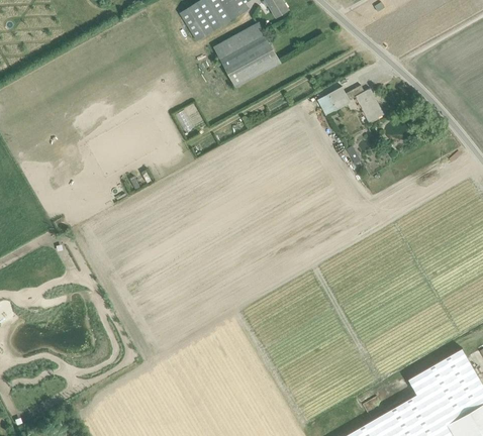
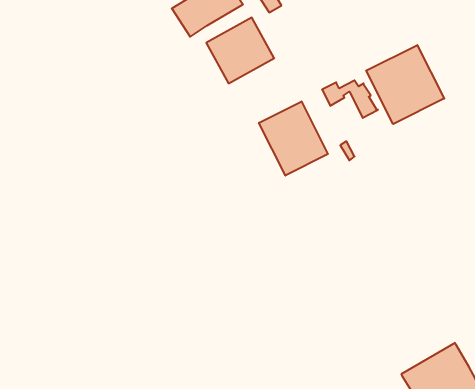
building: none -> [366,45,444,124]
building: none -> [259,101,328,176]

